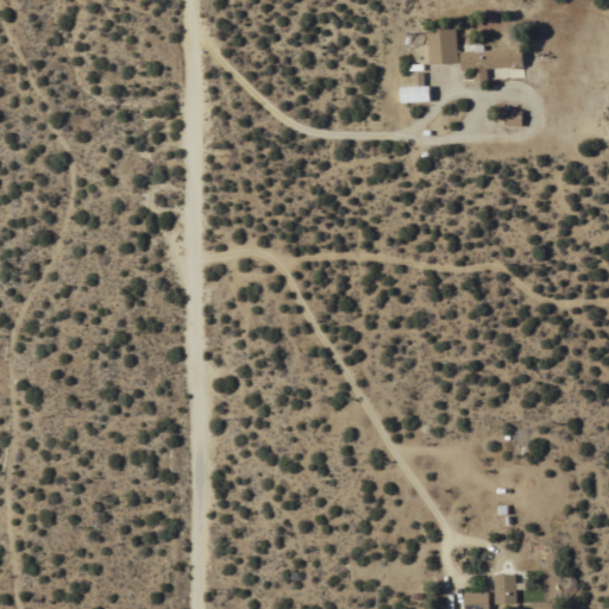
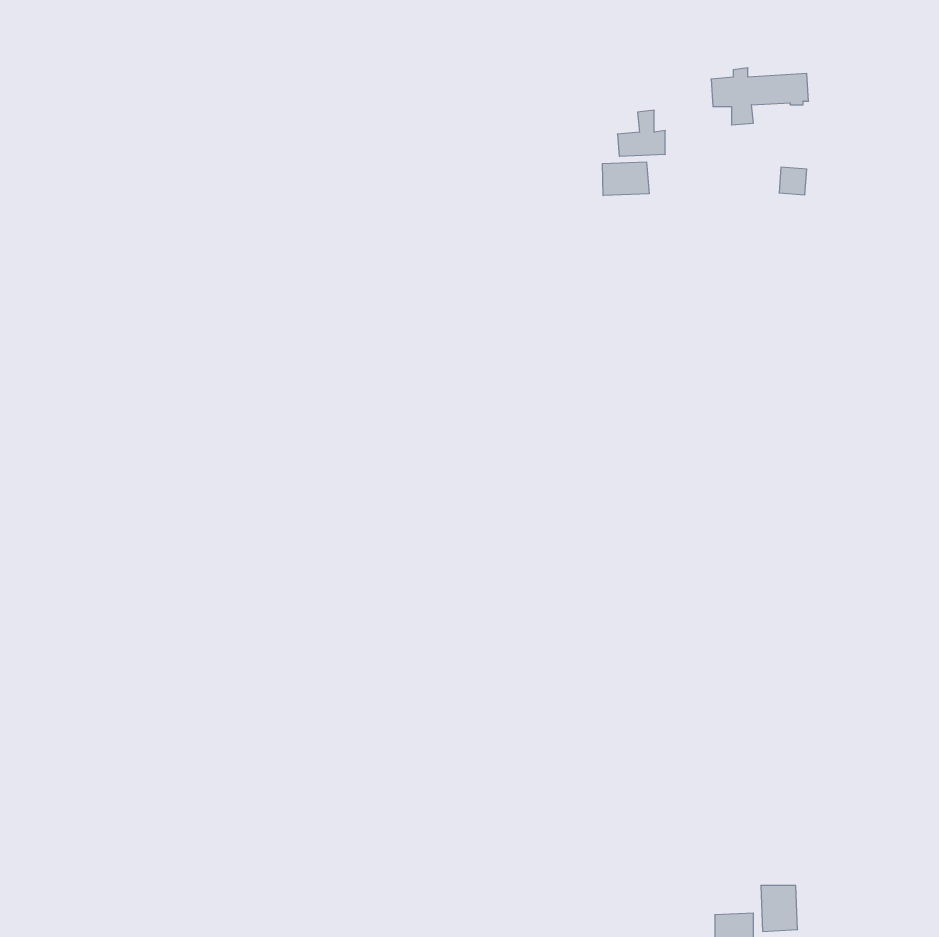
building: [427,29,458,64] -> none
building: none -> [602,162,649,196]

